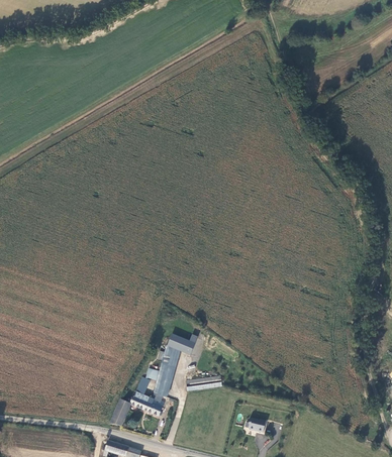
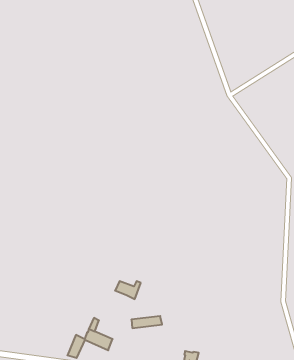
building: [154,344,180,396] -> none

